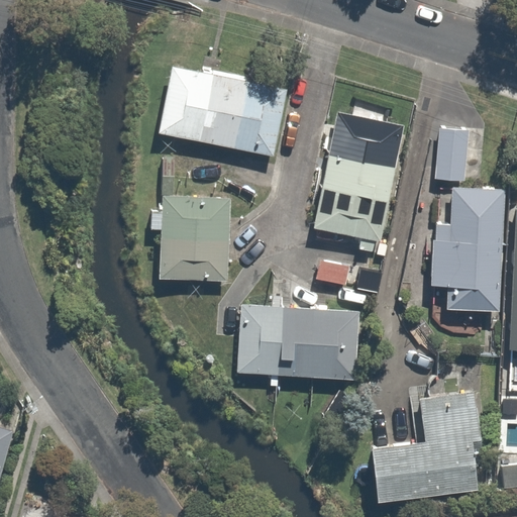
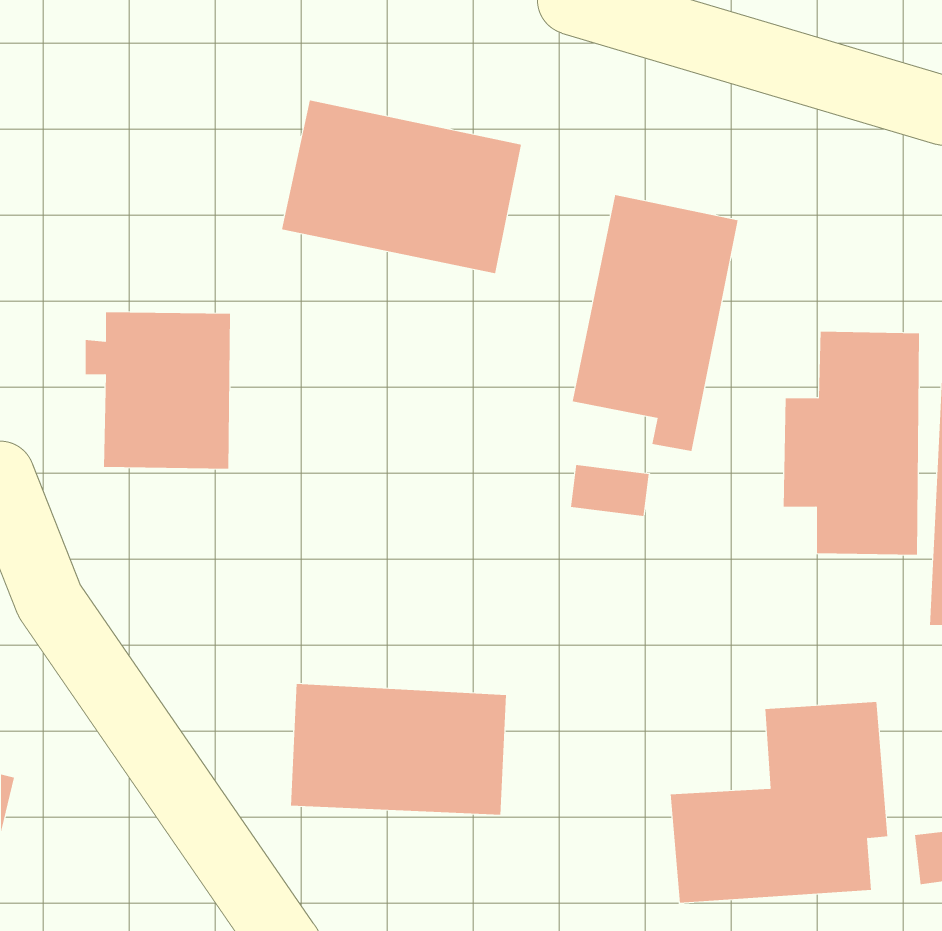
building: [435,128,470,182] -> none
building: [149,197,229,283] -> [85,312,231,469]
building: [238,306,356,378] -> [290,684,507,815]

